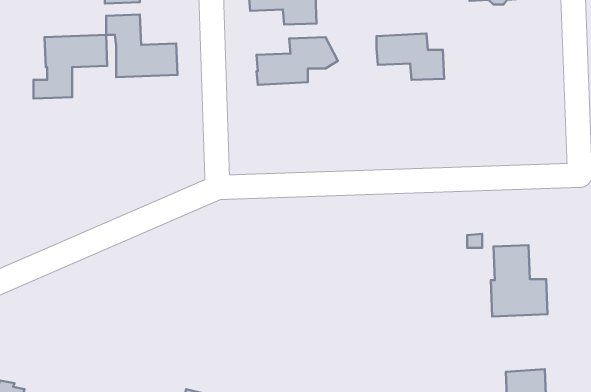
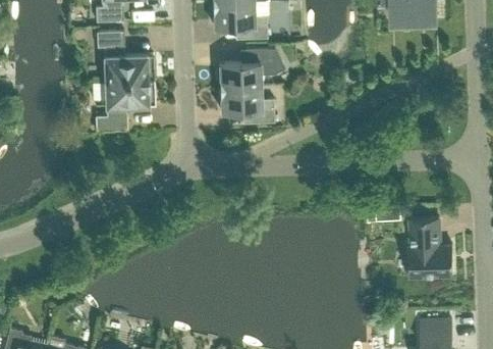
building: [376,34,444,80] -> [219,86,274,123]
building: [33,35,107,99] -> [95,80,155,132]

